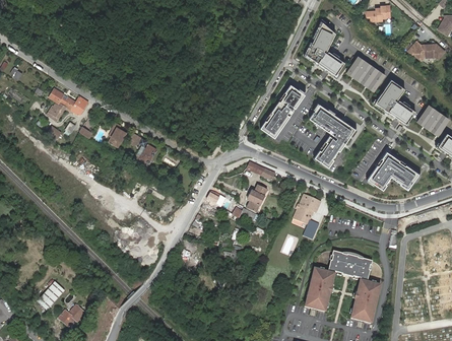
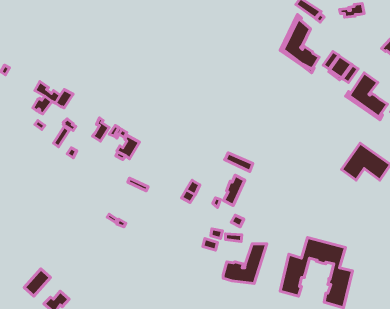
building: [260,84,305,137] -> none
building: [309,104,356,166] -> none
building: [294,194,320,238] -> none
building: none -> [223,244,267,283]

